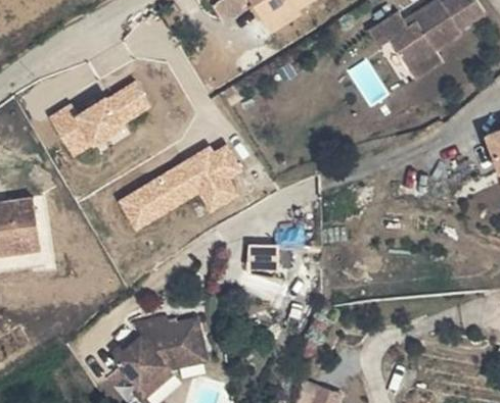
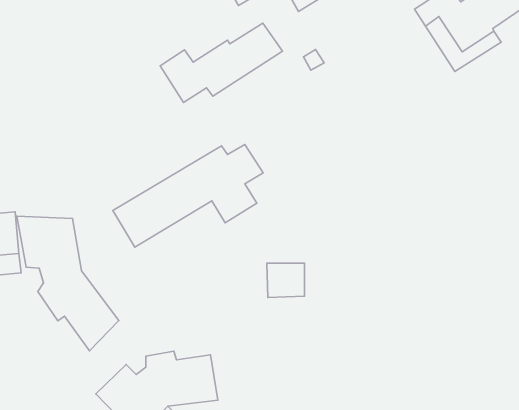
building: [49,82,151,148] -> [160,23,282,102]
building: none -> [17,216,119,351]

